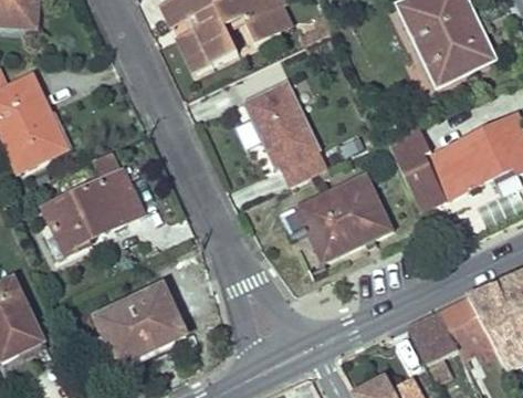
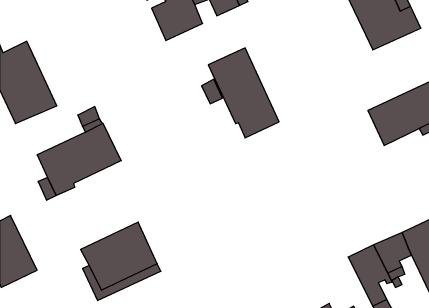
building: [386,126,446,209] -> none
building: [281,172,391,261] -> none

